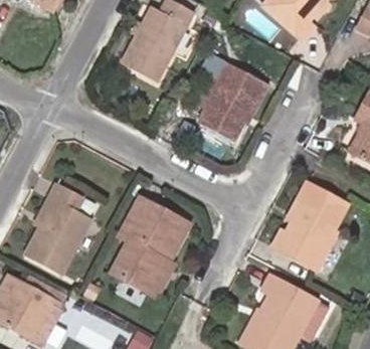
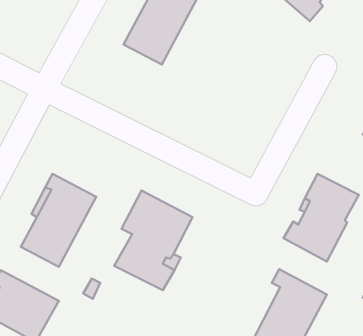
building: [196,68,263,146] -> none

